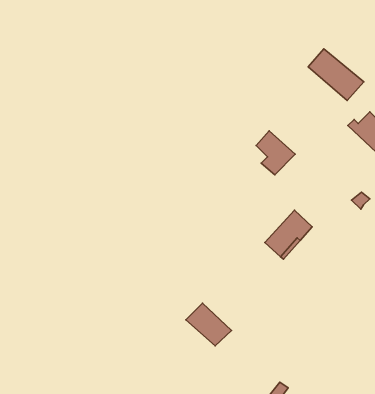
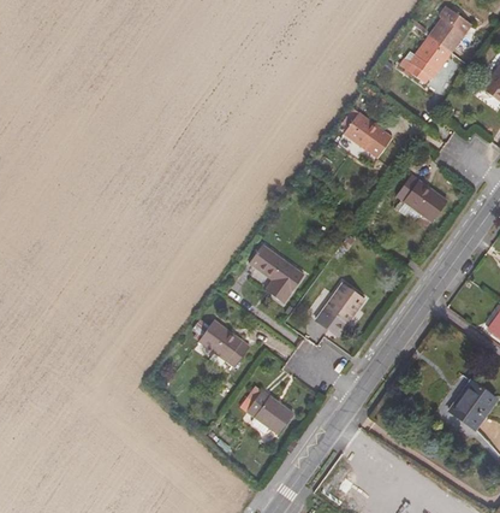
building: [256,131,295,175] -> [262,255,304,301]
building: none -> [195,323,245,366]

